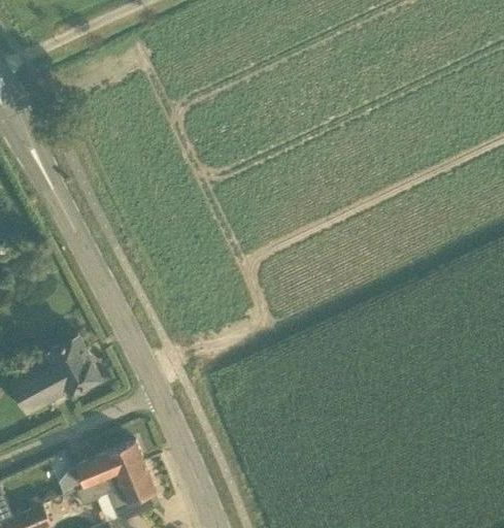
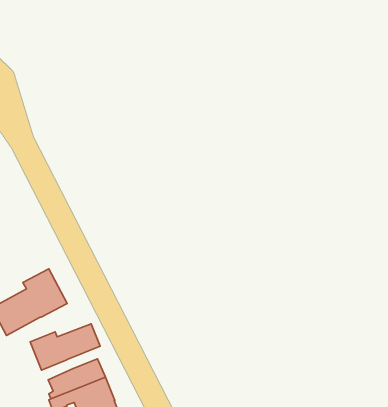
building: none -> [30,324,100,370]

